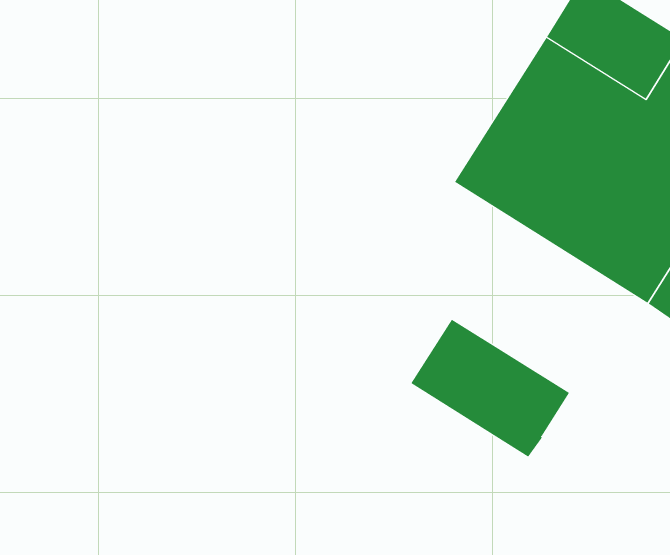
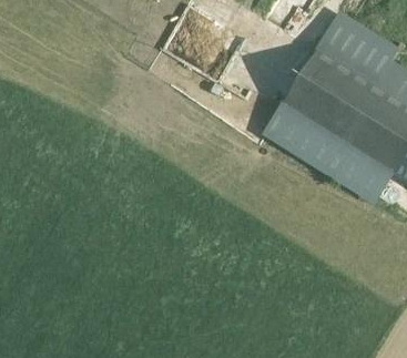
building: [410,319,570,457] -> none

